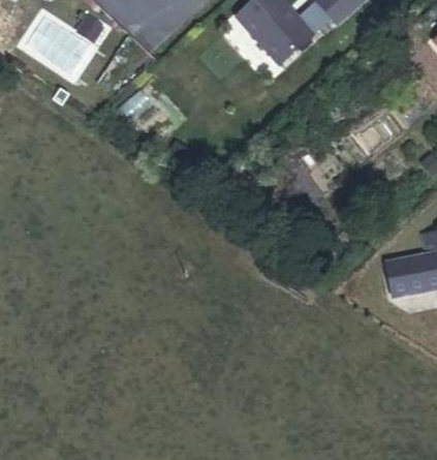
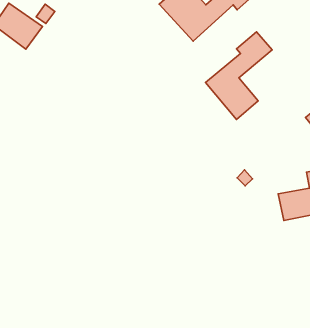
building: none -> [206,32,272,120]

